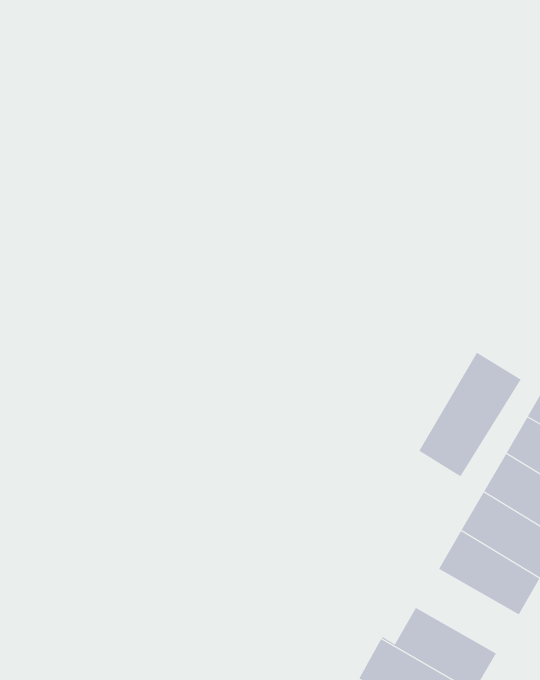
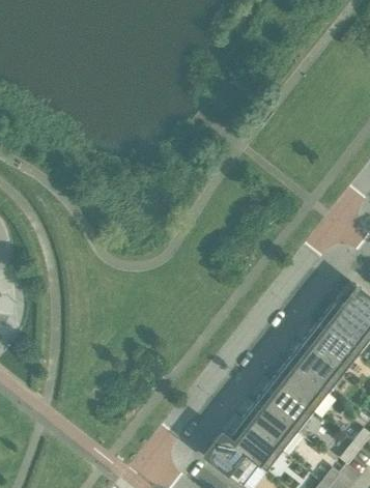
building: [419,352,522,477] -> none
building: none -> [243,399,300,451]

